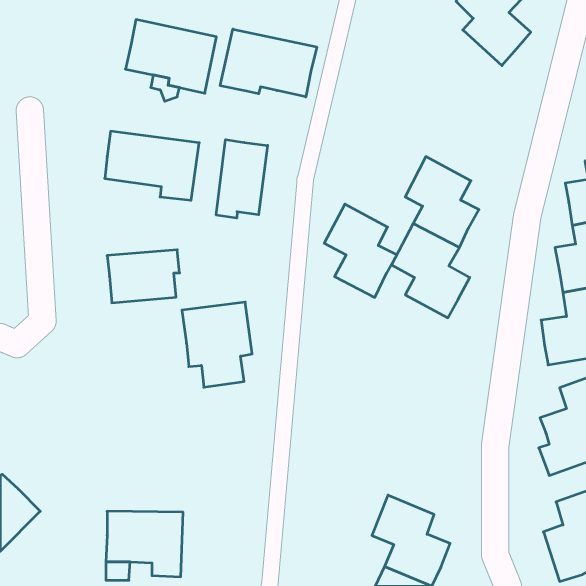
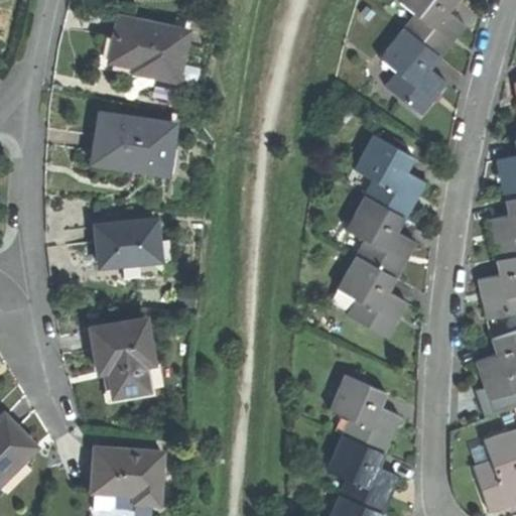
building: [220,29,317,97] -> none
building: none -> [379,26,447,117]
building: [216,140,268,218] -> none
building: [324,204,397,297] -> [339,258,402,340]
building: [182,302,252,387] -> [92,319,153,394]
building: none -> [329,374,397,450]

